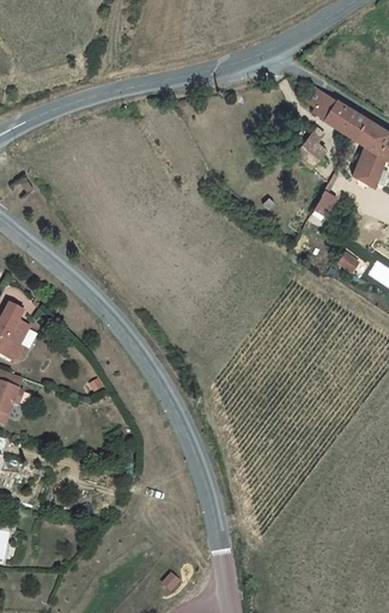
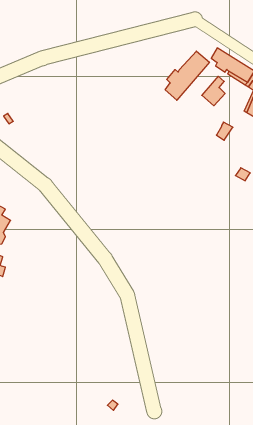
building: none -> [165,51,209,100]

